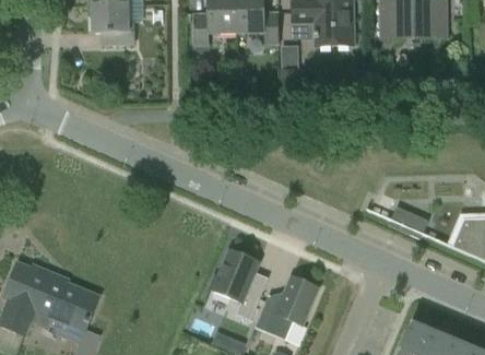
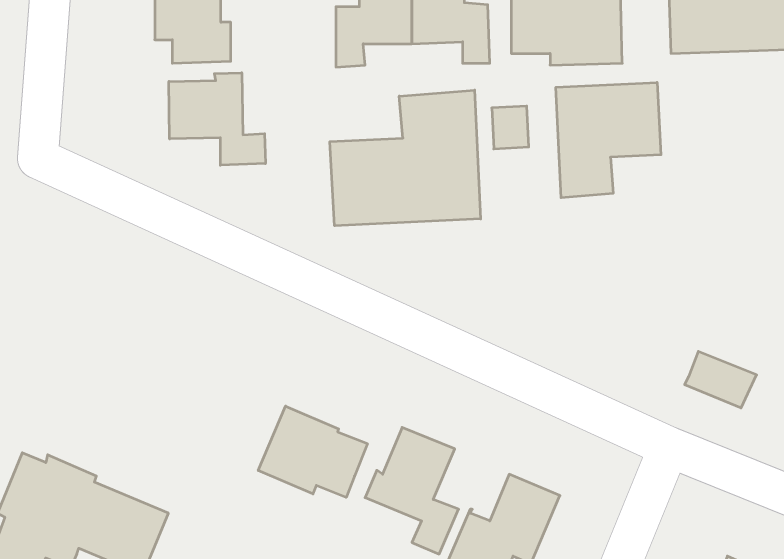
building: none -> [169,73,265,165]
building: none -> [556,82,661,198]
building: none -> [330,90,481,226]
building: none -> [258,406,367,497]

